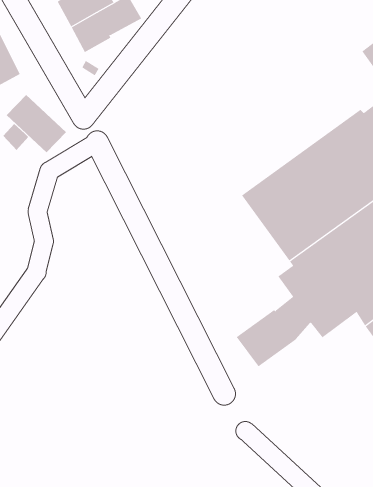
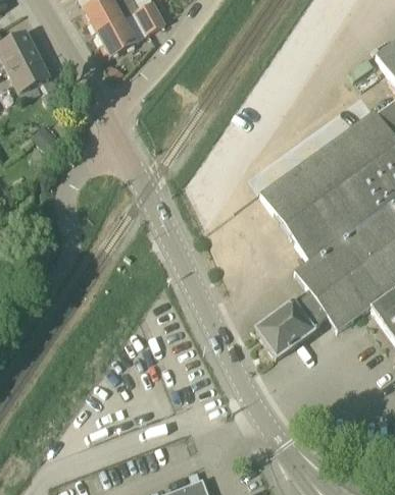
building: [6,94,67,153] -> none

